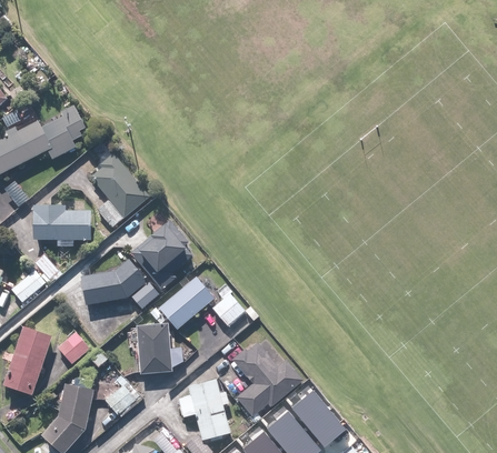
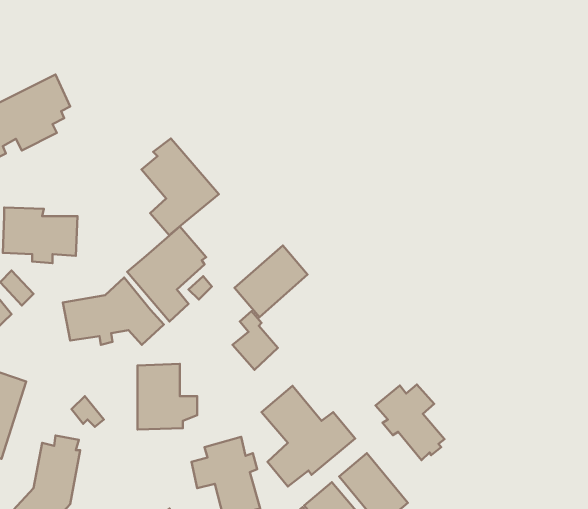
building: [90,154,149,228] -> [141,139,219,235]
building: [158,275,213,330] -> [235,245,308,317]
building: [56,330,89,364] -> none
building: none -> [375,385,445,460]
building: [103,379,135,415] -> none

